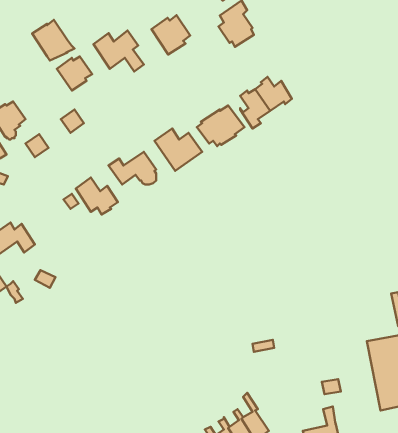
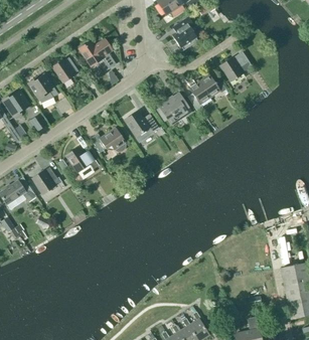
building: [151,15,190,54] -> none
building: [32,20,74,61] -> [27,72,58,103]
building: none -> [219,51,249,81]
building: none -> [31,167,56,194]

